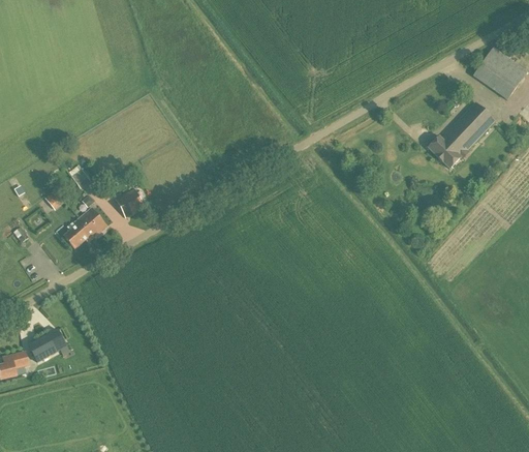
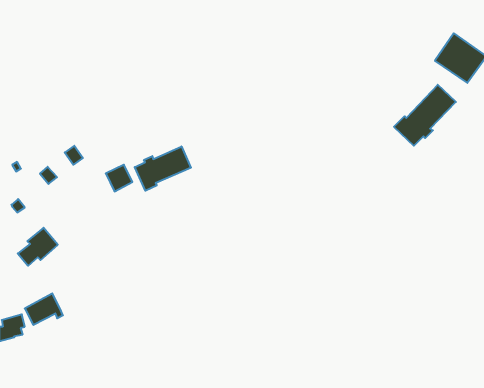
building: none -> [135,146,191,191]
building: [63,207,106,248] -> [18,228,58,266]

